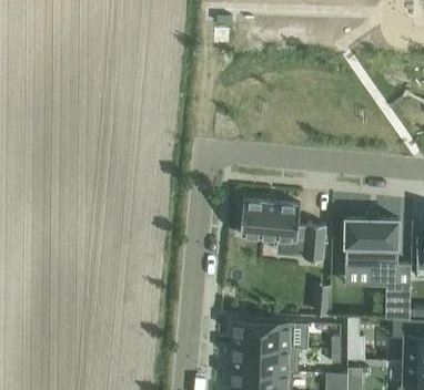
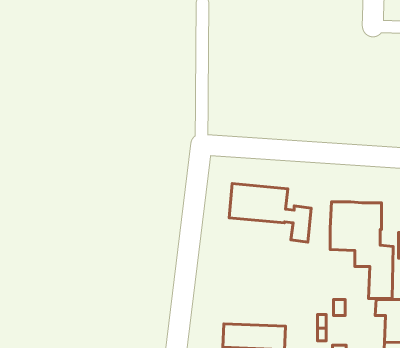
building: [234,321,309,350] -> none

